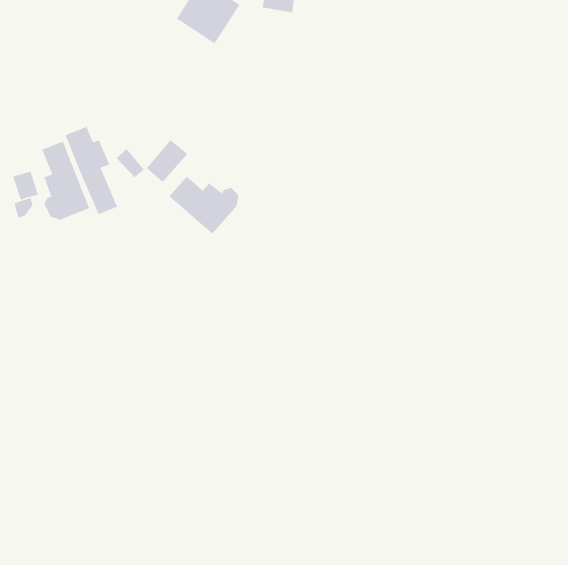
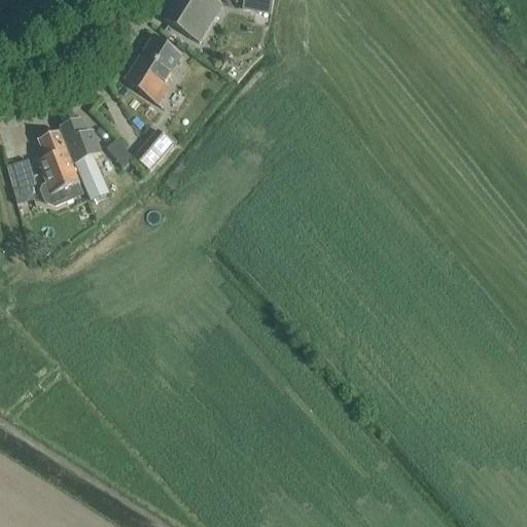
building: none -> [124,33,182,104]
building: [169,176,239,234] -> none

